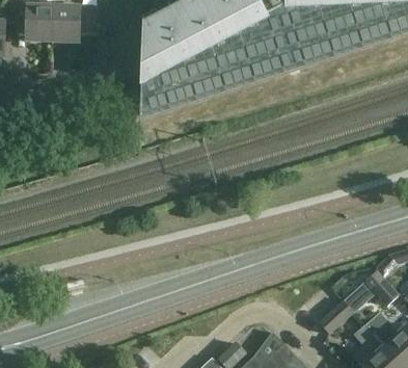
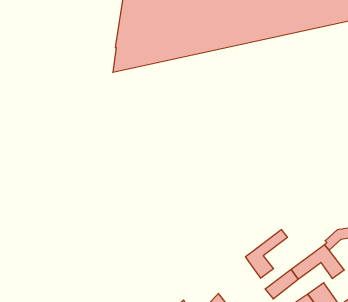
building: none -> [246,230,287,278]

